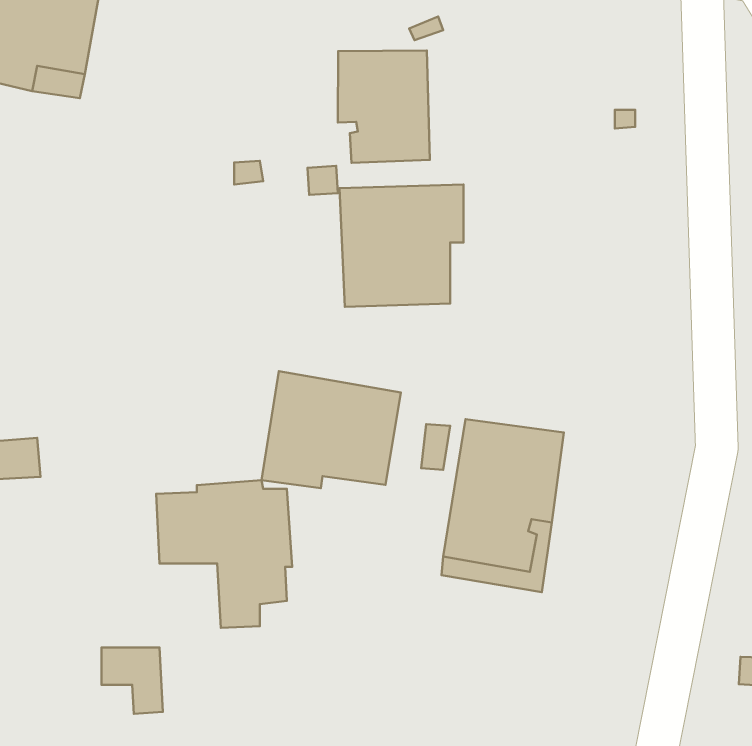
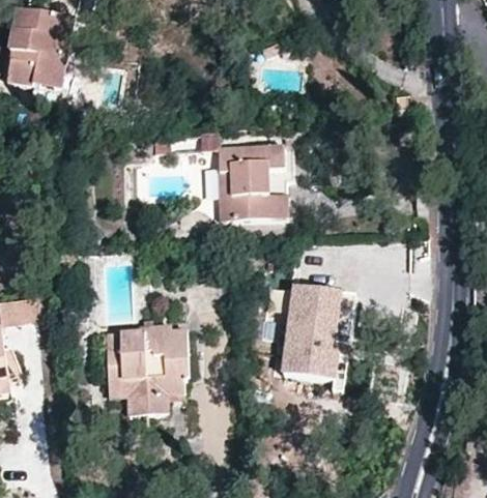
building: [338,51,430,163] -> none
building: [261,371,401,488] -> none
building: [102,647,163,714] -> [108,375,145,415]

